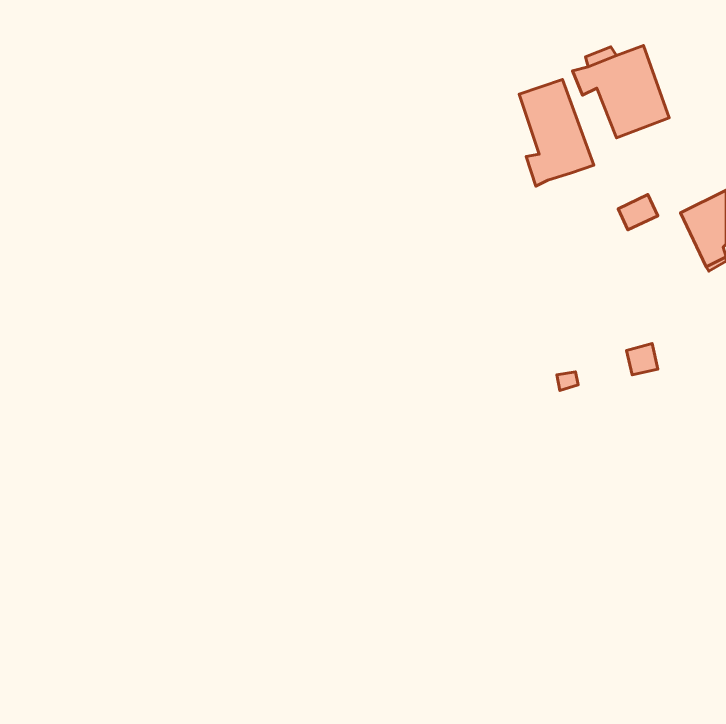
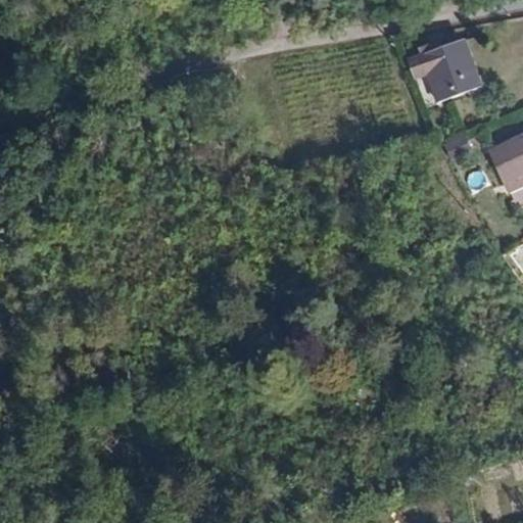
building: [519,80,594,186] -> none

